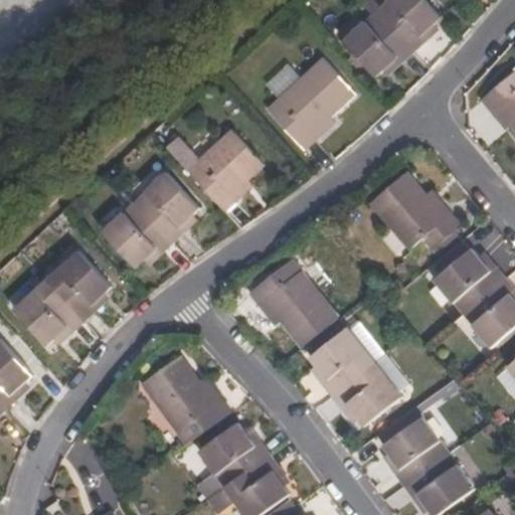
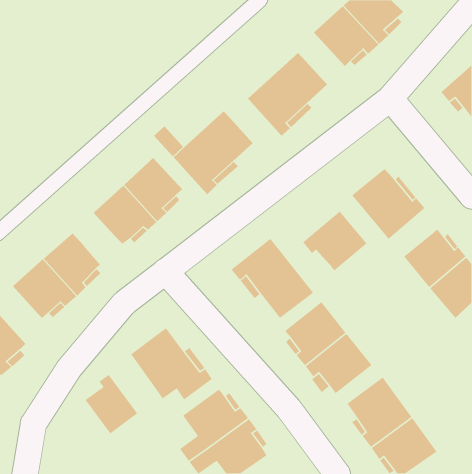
building: none -> [302,211,368,271]
building: none -> [84,374,138,434]

